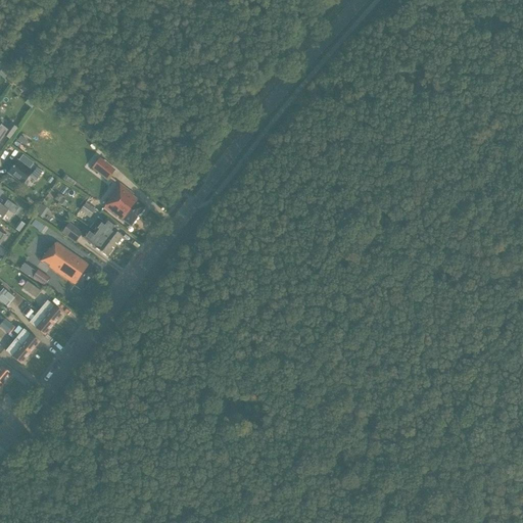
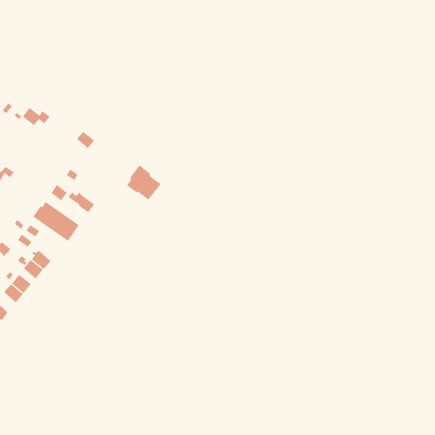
building: [7,158,41,181] -> [22,107,50,126]
building: [102,181,144,224] -> [126,165,161,201]
building: [94,217,122,244] -> none

